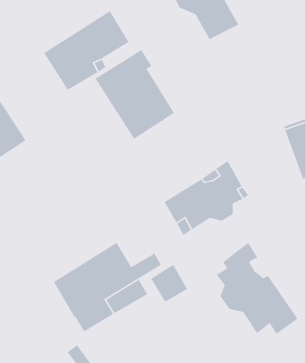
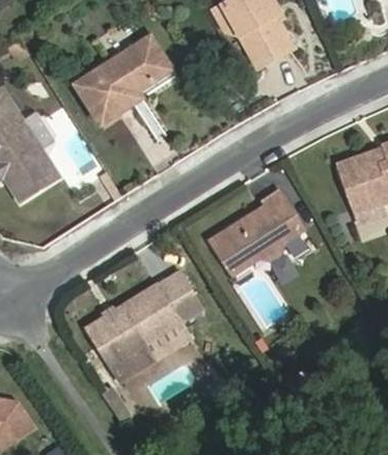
building: [95,49,175,140] -> none
building: [216,242,298,335] -> none
building: [150,264,188,303] -> [157,267,197,309]

